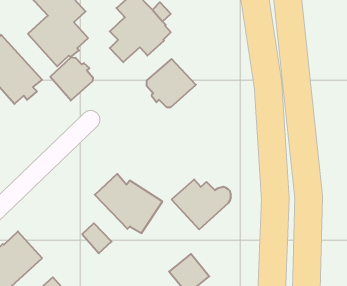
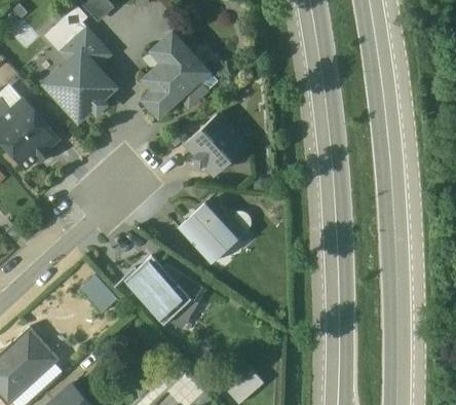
building: [50,57,93,101] -> none
building: [172,179,231,229] -> [178,202,251,264]
building: [82,223,112,253] -> [80,277,116,314]

